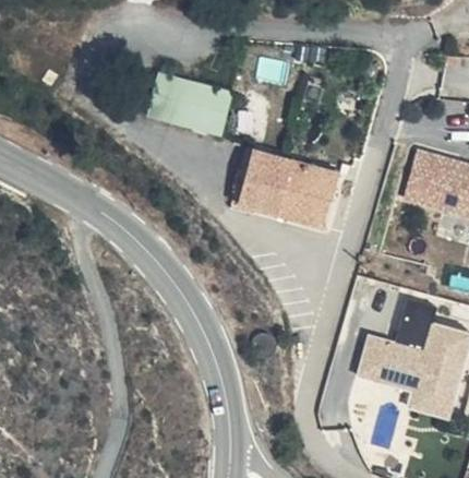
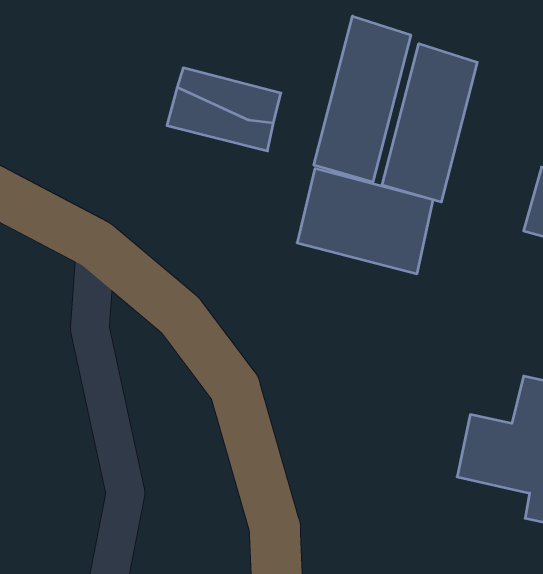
building: none -> [314,16,411,182]
building: none -> [382,44,477,202]

